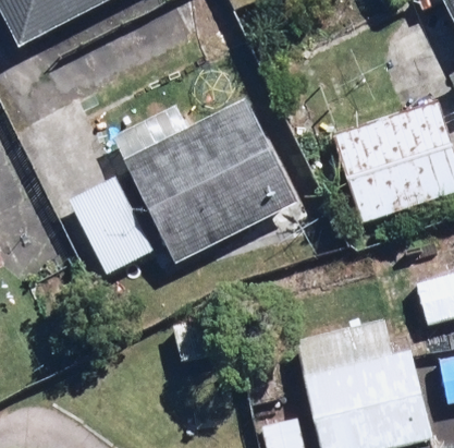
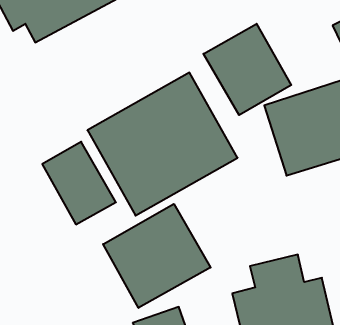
building: none -> [203,24,291,115]
building: none -> [103,204,211,308]

